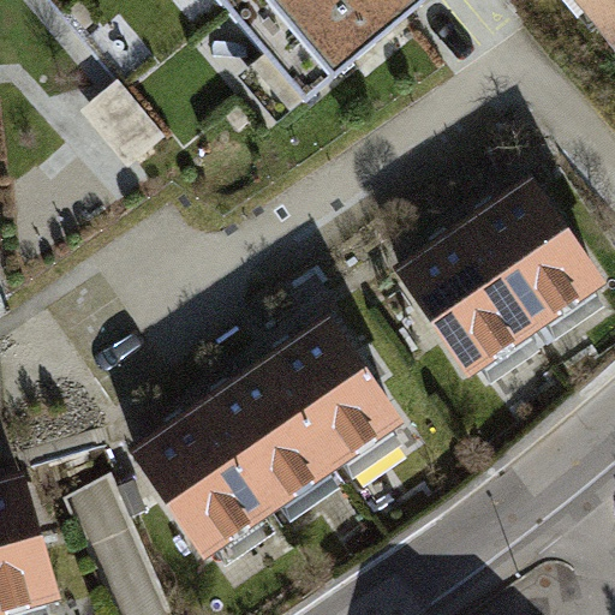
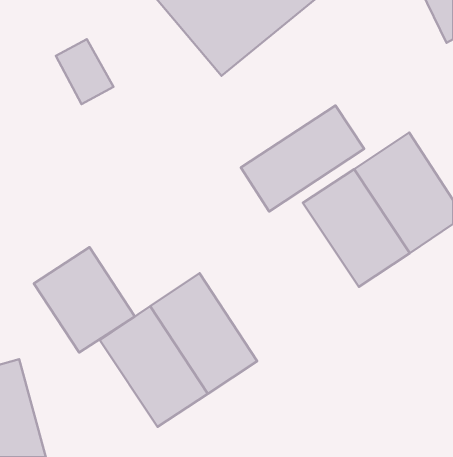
building: none -> [241,106,364,212]
building: [262,317,402,474] -> none
building: none -> [34,247,135,353]

